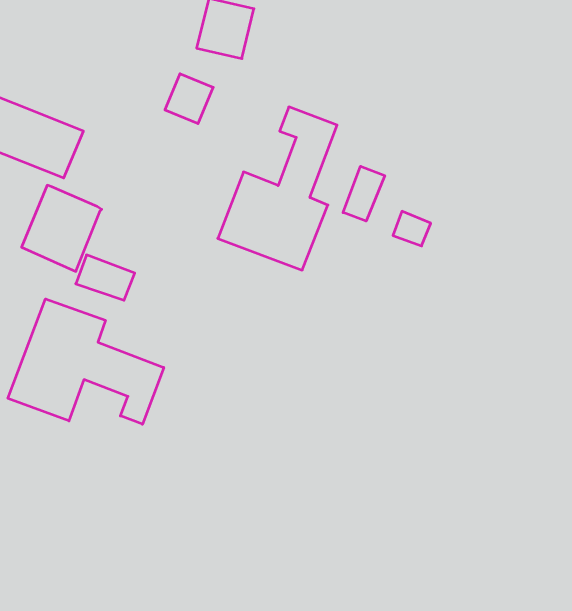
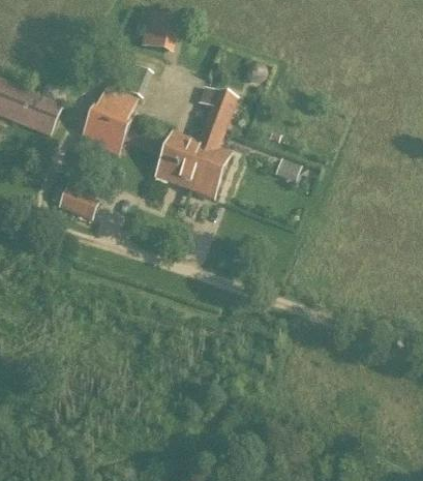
building: [343,166,385,221] -> none
building: [22,185,102,271] -> [80,95,134,154]
building: [8,299,164,424] -> none

